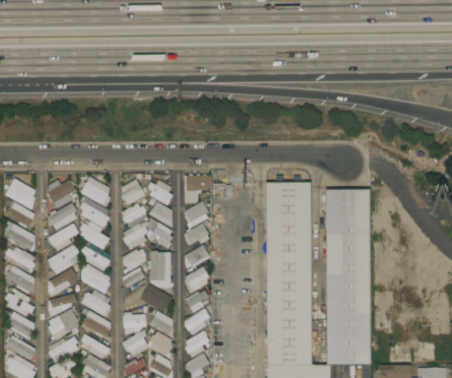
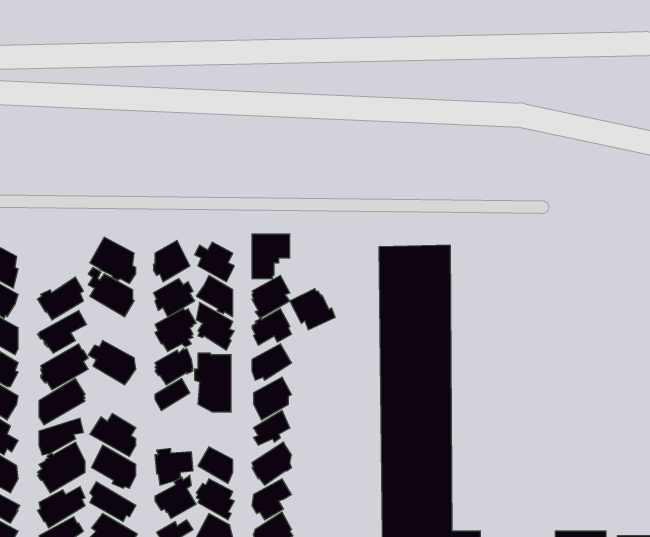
building: [47,179,77,208] -> none
building: [325,189,371,363] -> none
building: none -> [290,288,335,330]
building: [78,222,109,249] -> none
building: [80,264,110,292] -> none
building: [140,284,172,312] -> none

